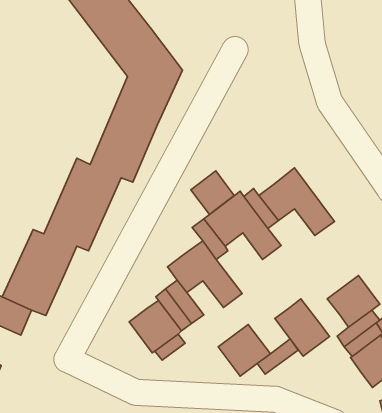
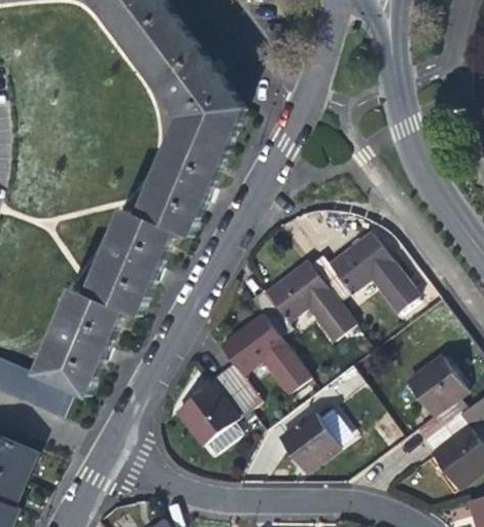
building: [191,171,234,214] -> none
building: [275,299,329,356] -> none

